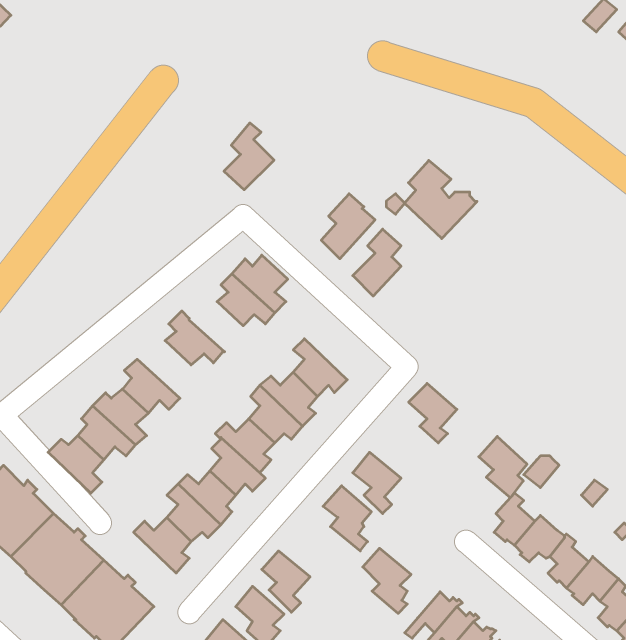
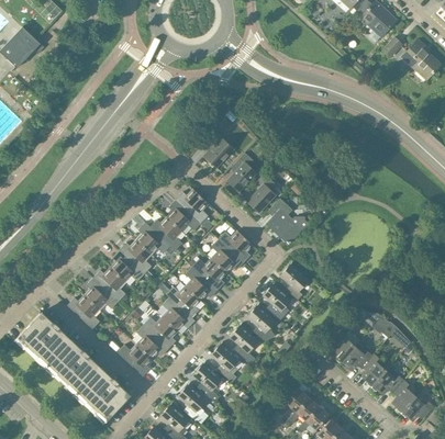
building: [224,123,274,190] -> [204,128,234,168]
building: [405,160,477,239] -> [266,200,309,246]
building: none -> [151,217,182,251]
building: none -> [219,232,253,263]
building: none -> [120,240,152,274]
building: [479,436,527,498] -> [263,284,291,320]
building: [363,548,411,613] -> [211,345,240,383]

